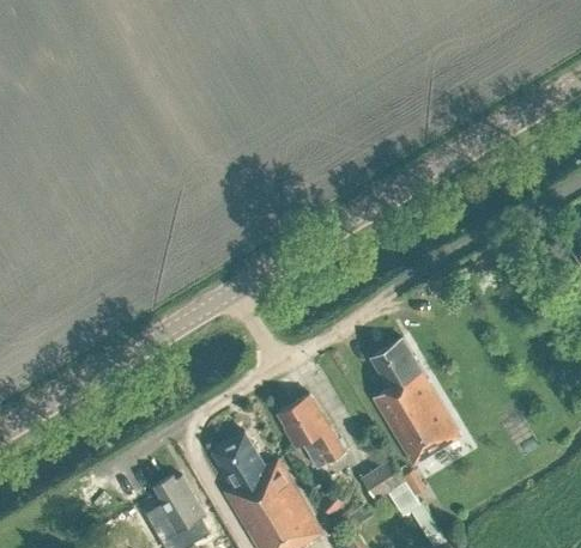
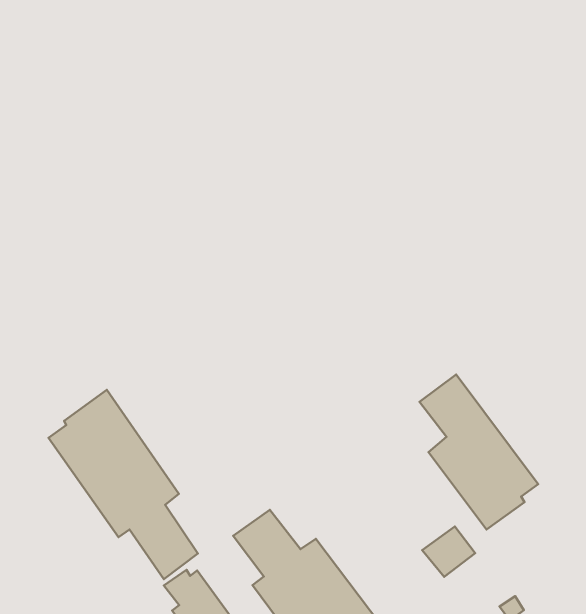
building: none -> [48,390,198,579]
building: [277,395,343,462] -> none

